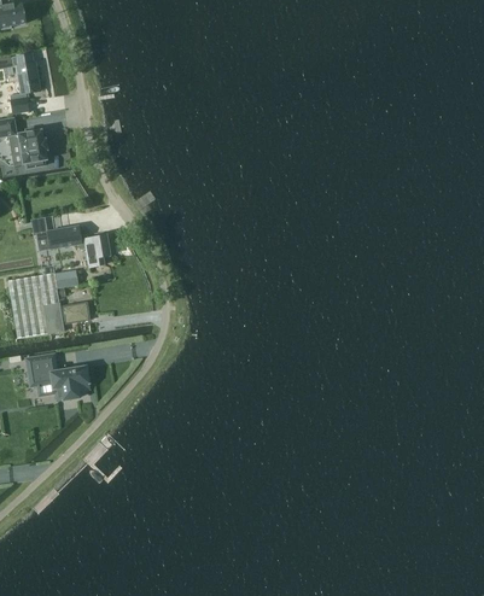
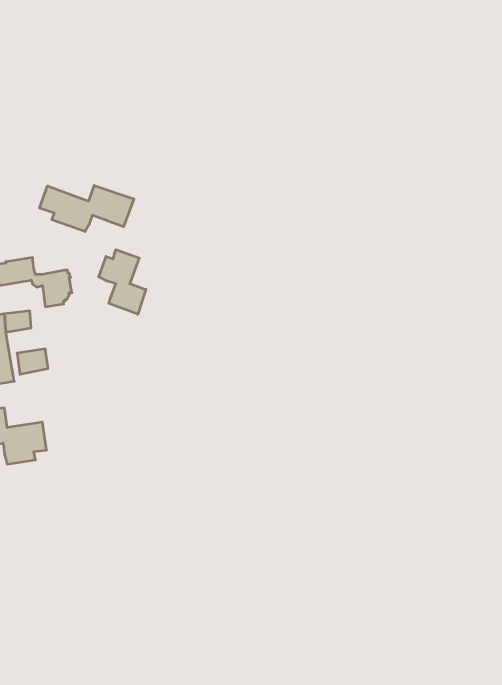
building: none -> [40,185,134,232]
building: none -> [99,250,146,314]

